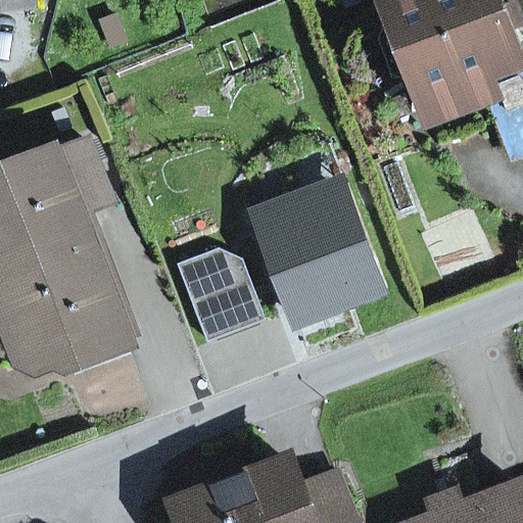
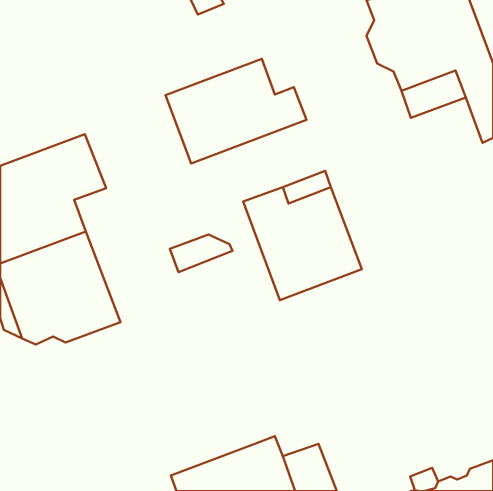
building: none -> [166,59,307,163]
building: [189,266,266,340] -> none

